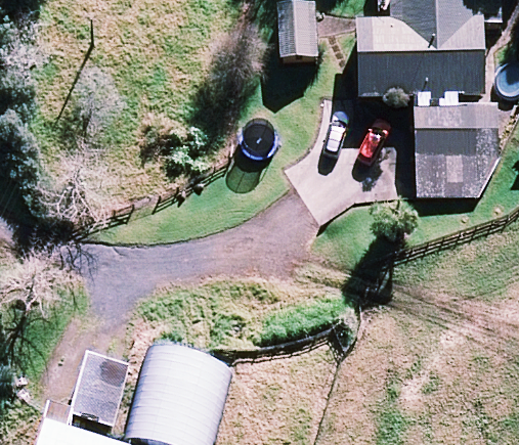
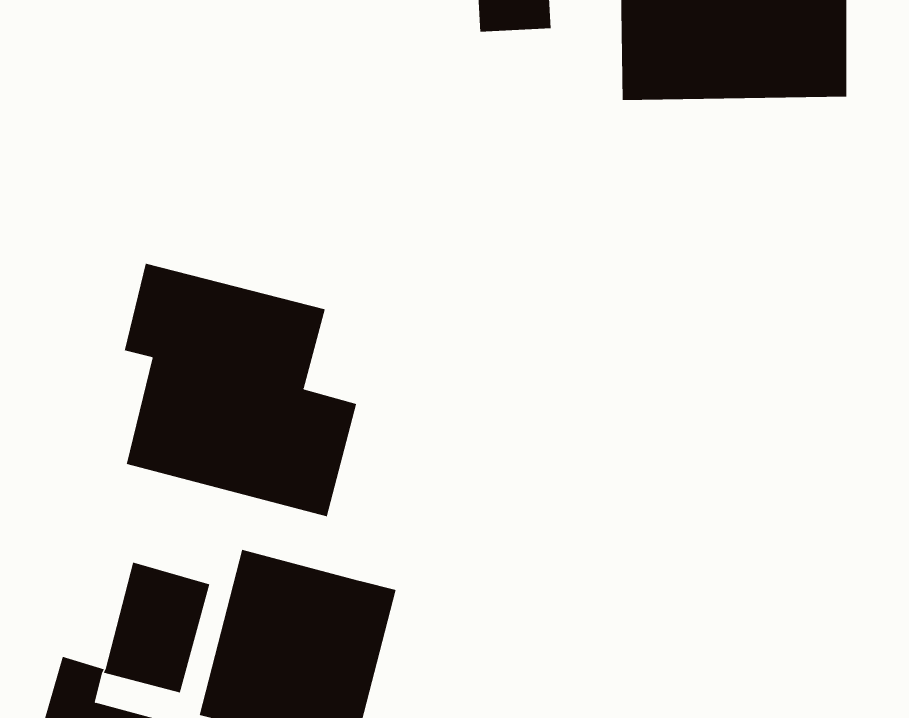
building: [414,101,498,193] -> none
building: none -> [124,263,357,517]

